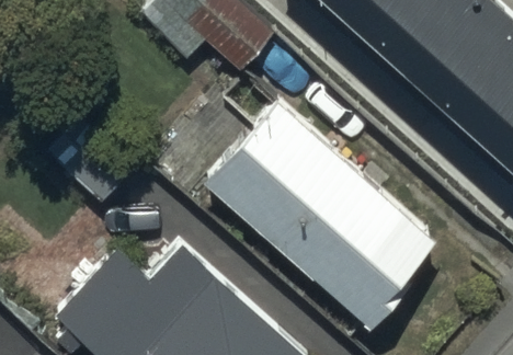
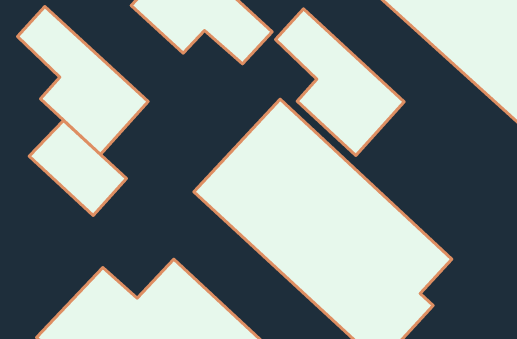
building: none -> [17,6,148,154]
building: none -> [276,9,404,156]

